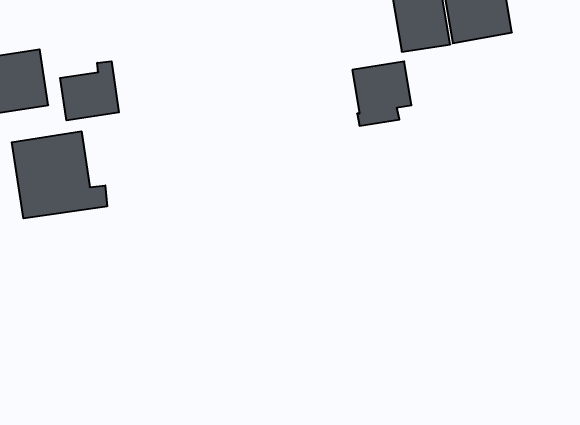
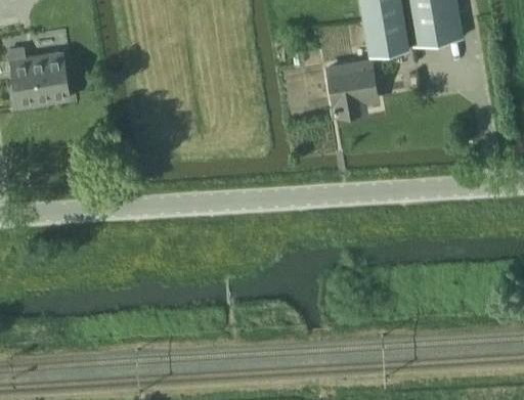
building: [60,61,119,120] -> none
building: [12,131,107,218] -> none

